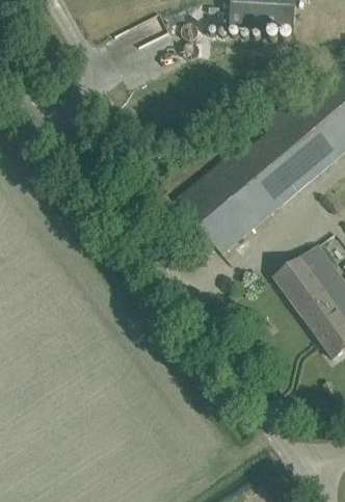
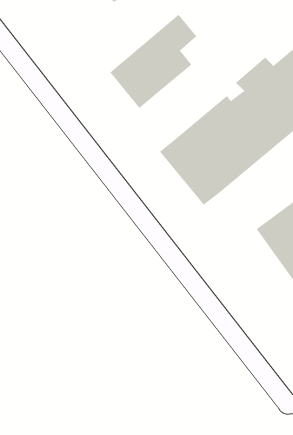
building: none -> [109,14,197,109]

